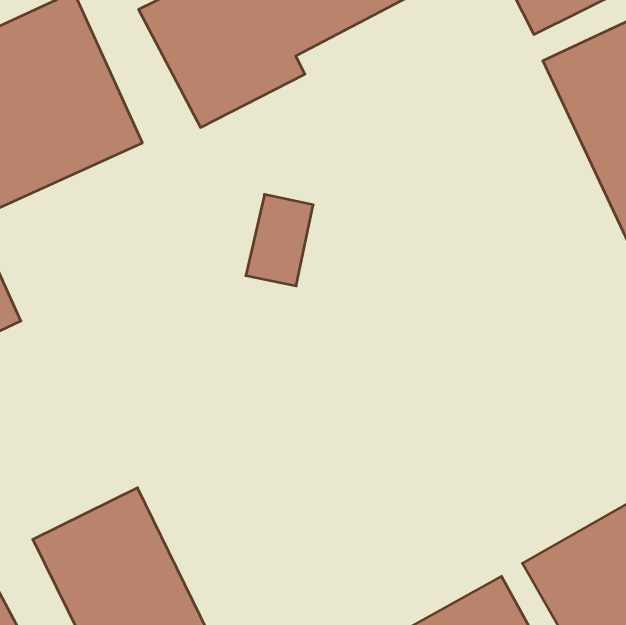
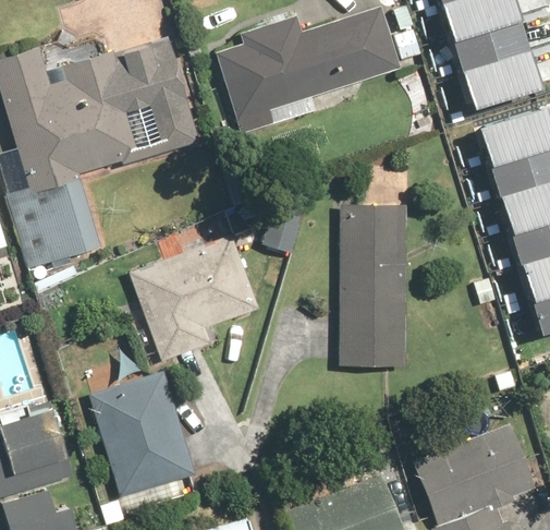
building: none -> [335,201,408,364]
building: none -> [129,232,260,362]

